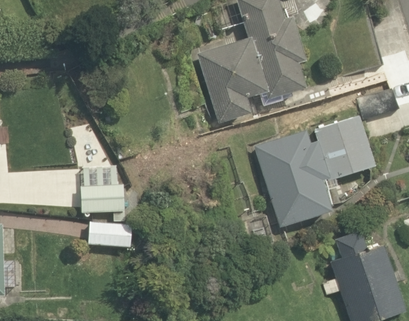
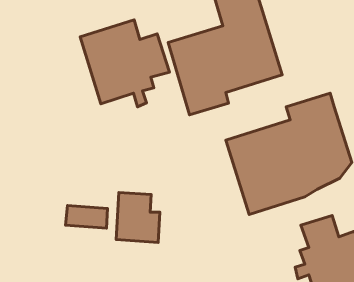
building: none -> [80,20,169,107]
building: [81,163,126,214] -> [116,193,160,242]

